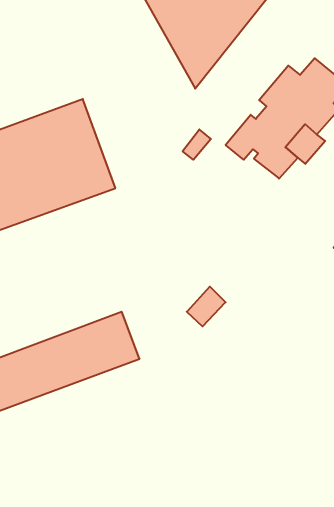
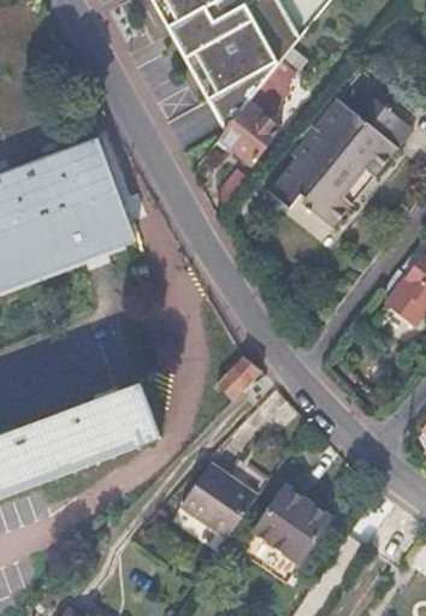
building: none -> [219,60,292,161]
building: none -> [183,466,256,538]
building: none -> [252,486,329,563]

